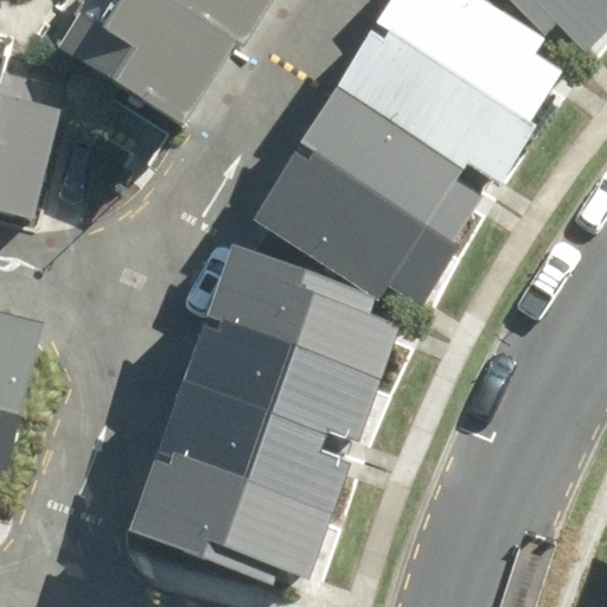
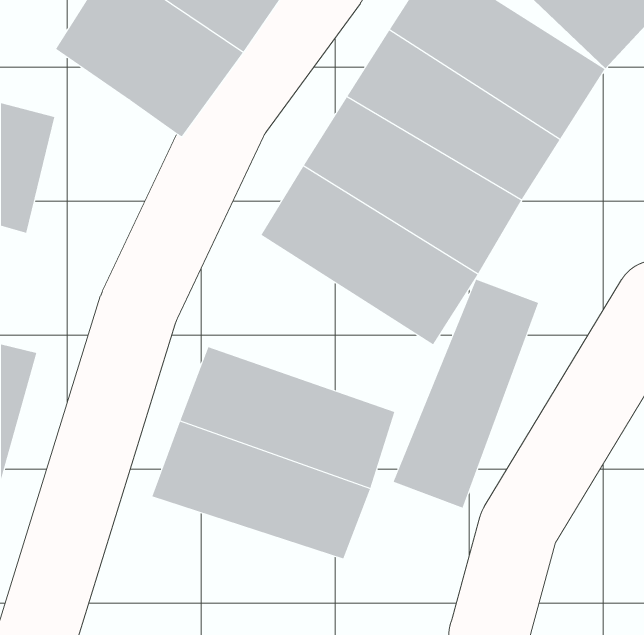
building: [203,253,400,381] -> none
building: none -> [393,279,539,508]
building: [127,459,328,582] -> none

